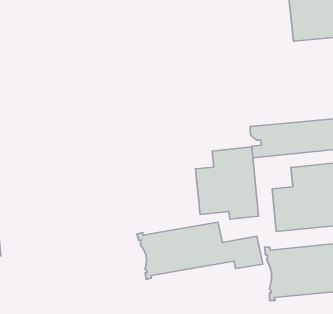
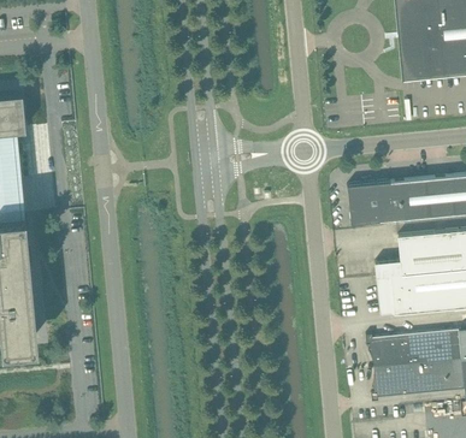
building: [196,147,259,219] -> none
building: [137,222,263,279] -> none

